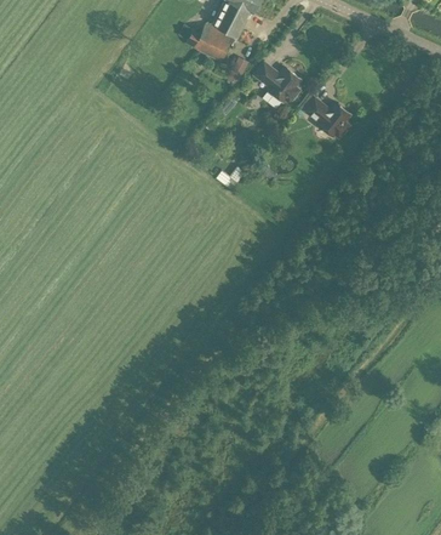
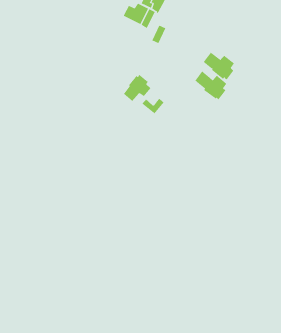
building: [252,59,300,103] -> [194,71,227,100]
building: none -> [123,74,151,102]

